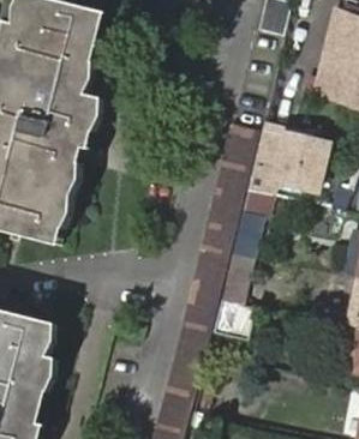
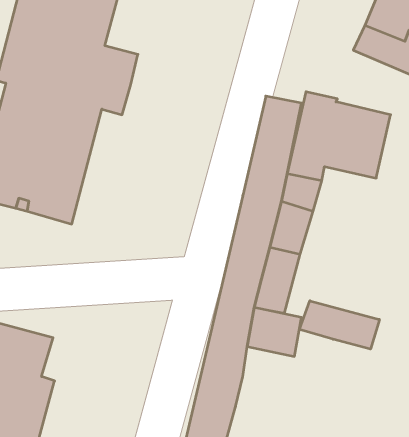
building: none -> [299,301,379,349]

